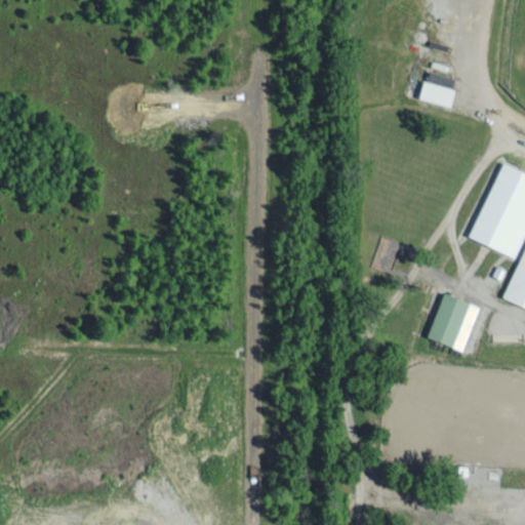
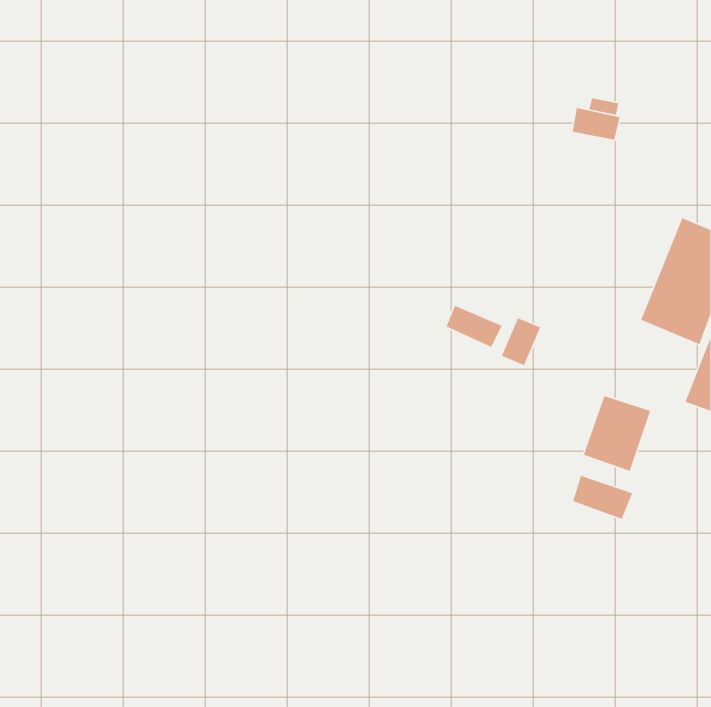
building: none -> [445,305,503,348]
building: none -> [572,475,633,520]

